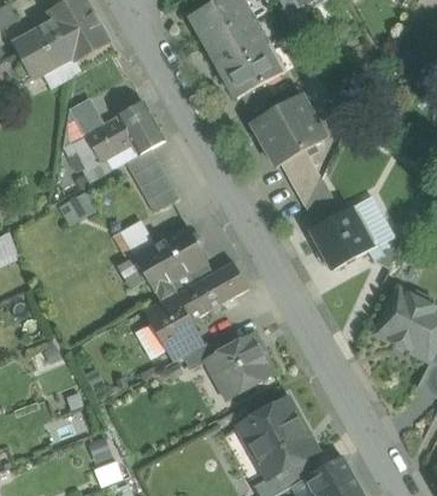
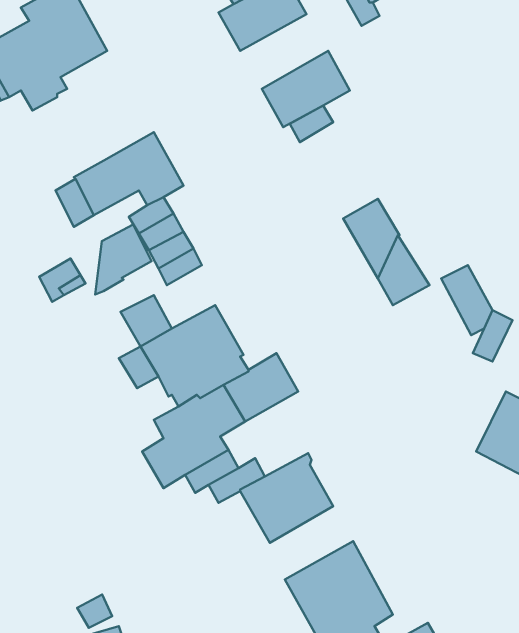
building: [205,14,268,69] -> none
building: [250,93,323,165] -> none
building: [65,94,106,144] -> [95,225,152,294]
building: [311,206,372,268] -> none

